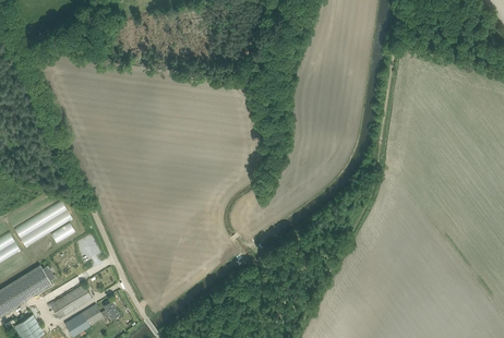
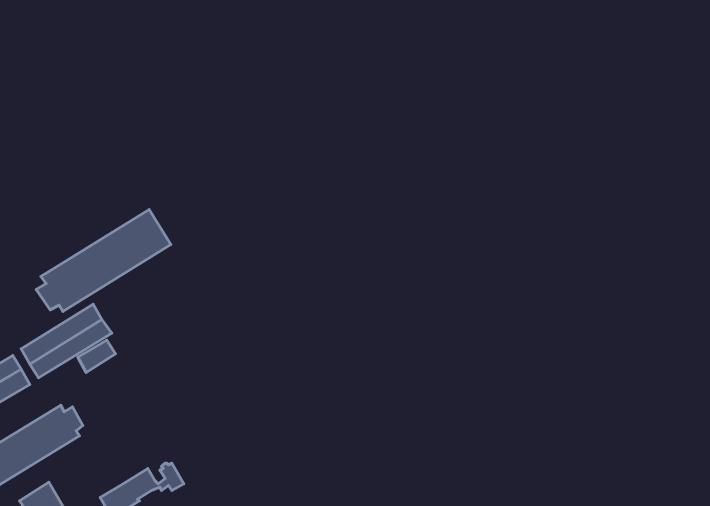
building: none -> [36,209,171,311]
building: [49,285,92,319] -> none

